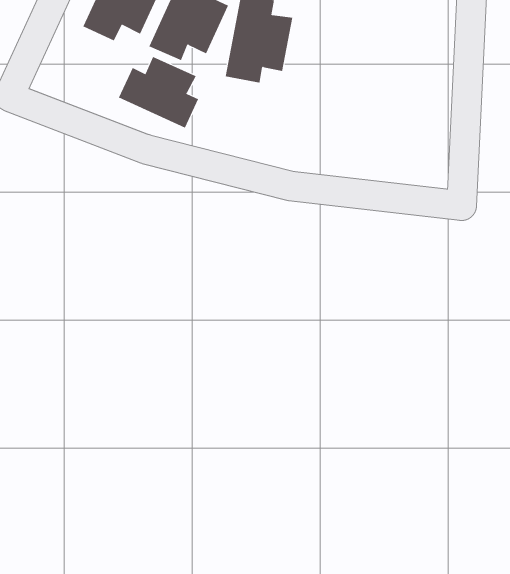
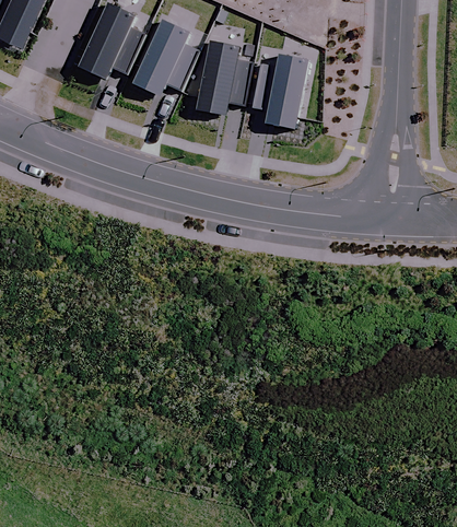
building: none -> [254,54,306,128]
building: [118,56,199,129] -> none

